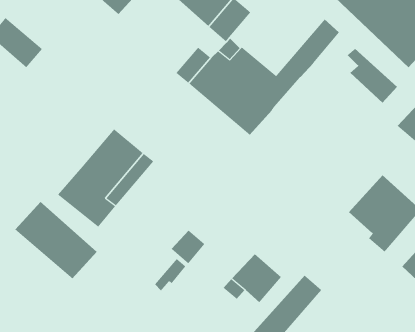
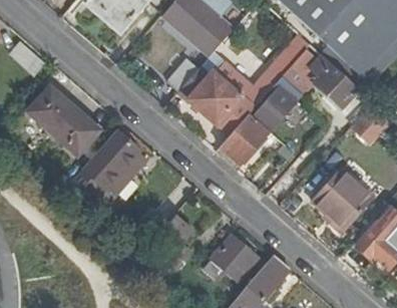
building: none -> [256,74,303,128]
building: none -> [221,114,269,164]
building: [15,201,97,279] -> [28,85,98,151]

